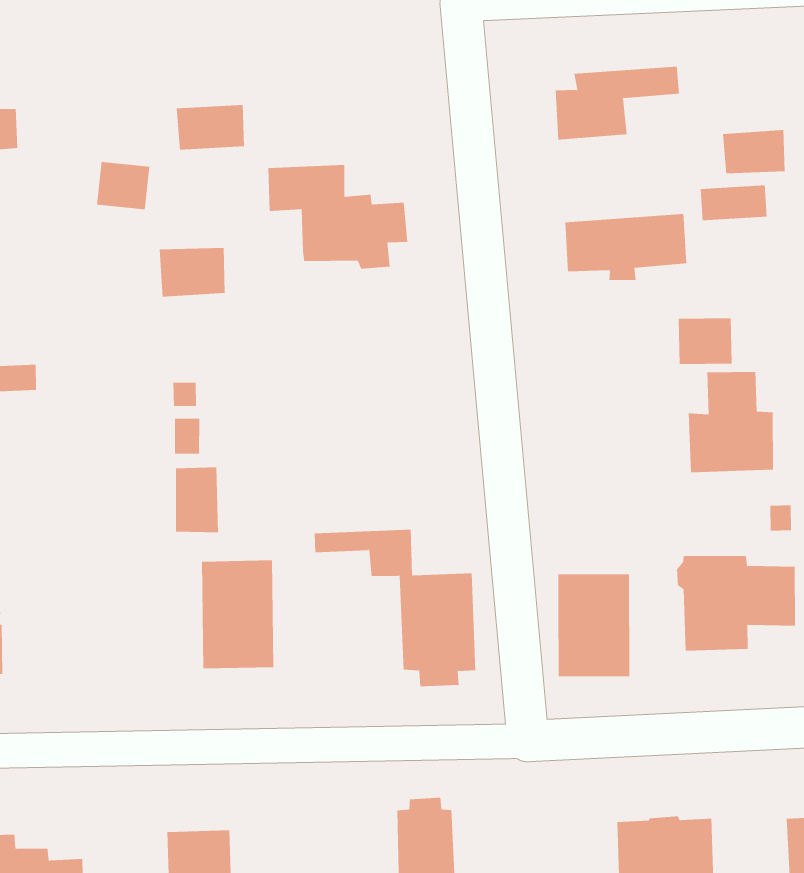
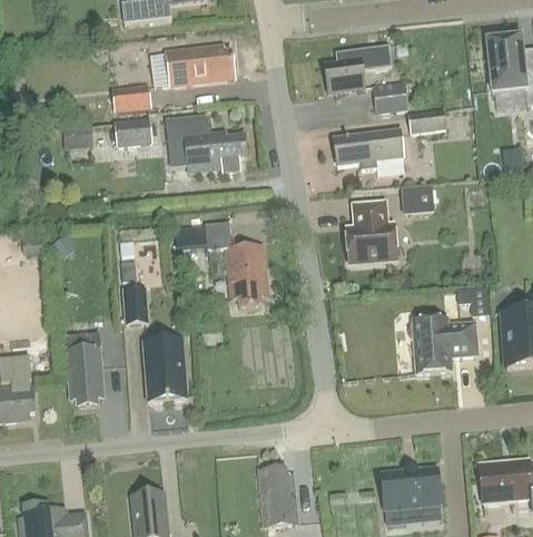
building: none -> [166,43,233,84]
building: [722,130,785,174] -> [372,81,408,108]
building: [159,247,226,297] -> [113,116,152,146]
building: [688,371,774,473] -> [345,204,395,263]
building: [314,529,476,687] -> [174,219,269,307]
building: none -> [63,332,102,406]
building: [558,573,630,677] -> none

